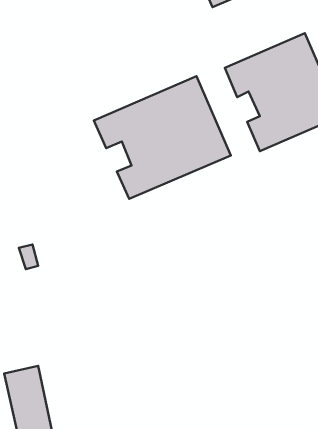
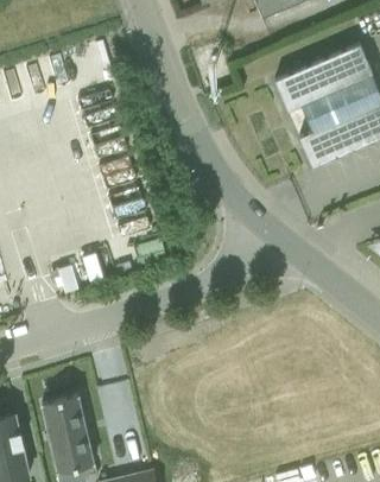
building: [94,76,231,199] -> none

